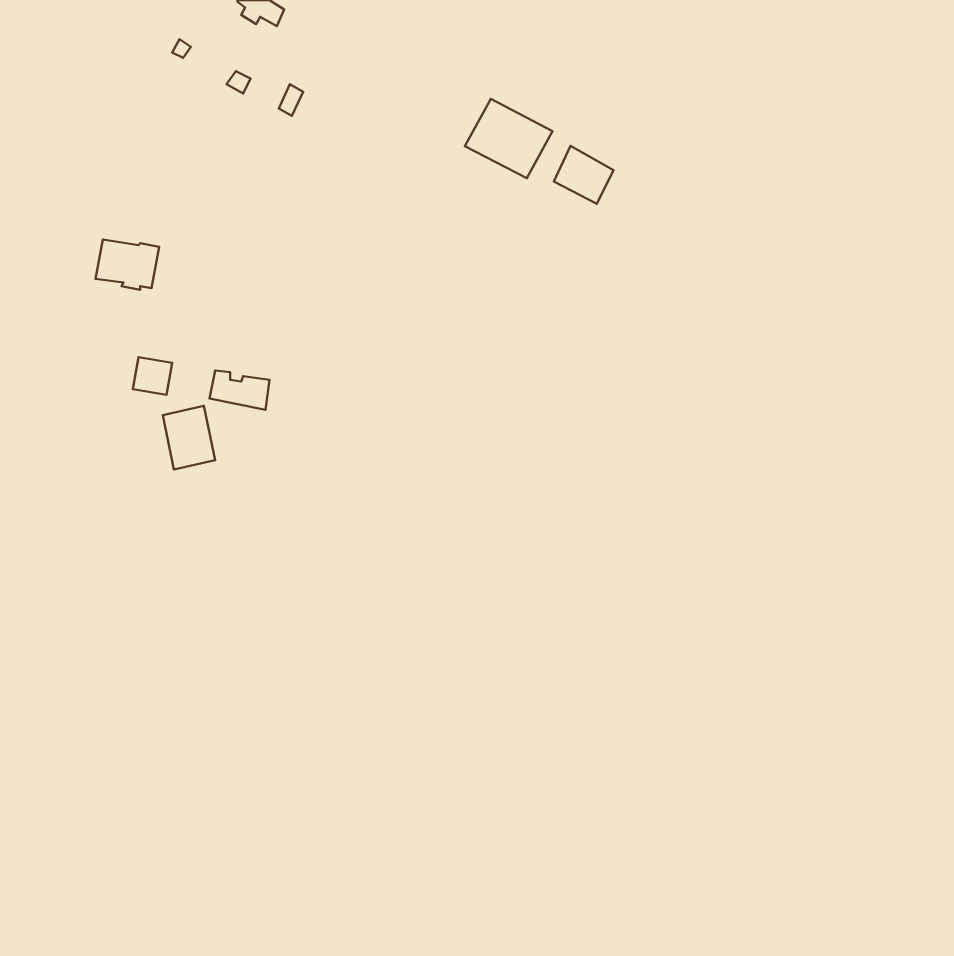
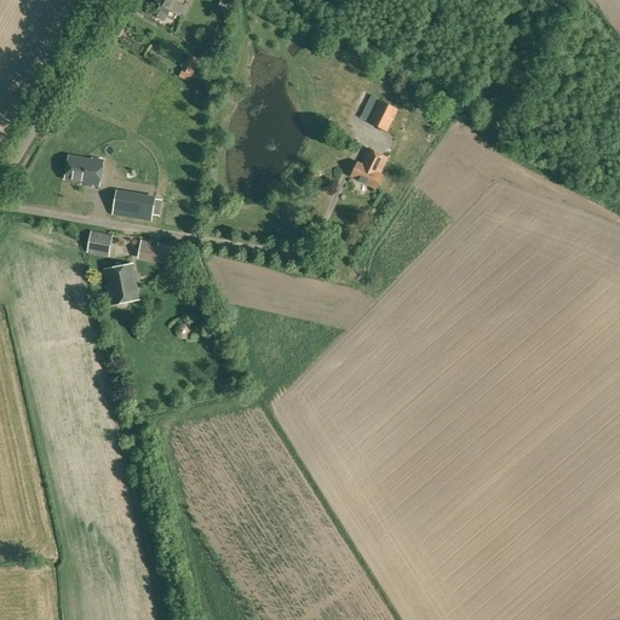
building: [465,99,553,178] -> none
building: none -> [350,149,386,189]
building: none -> [113,190,154,220]

